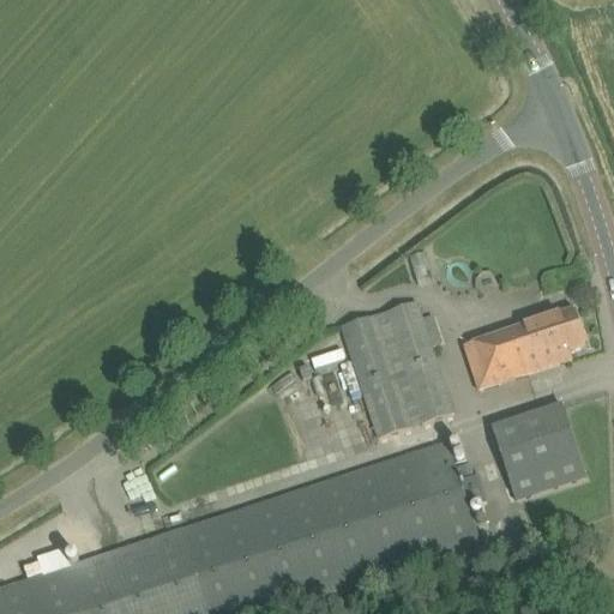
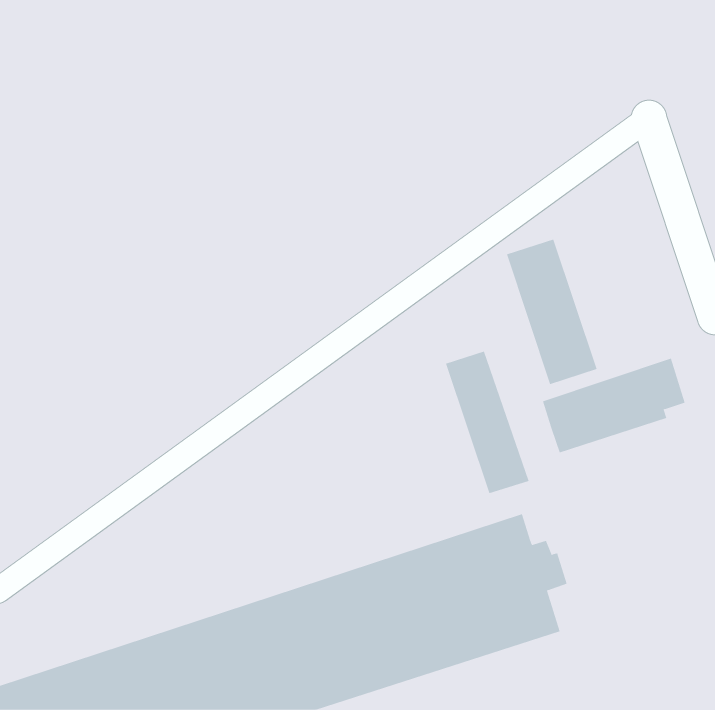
building: [339,311,417,435] -> [506,239,597,385]
building: [489,407,585,507] -> none

